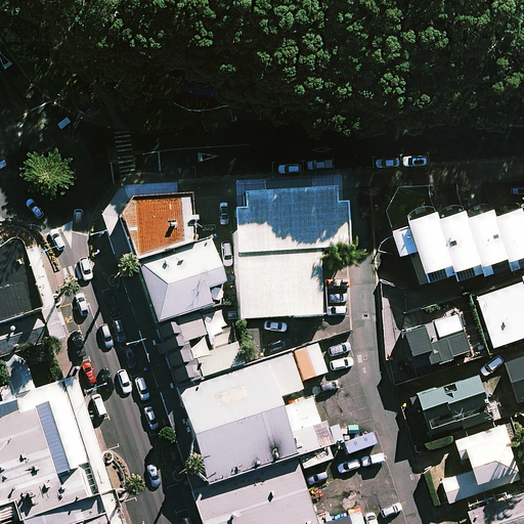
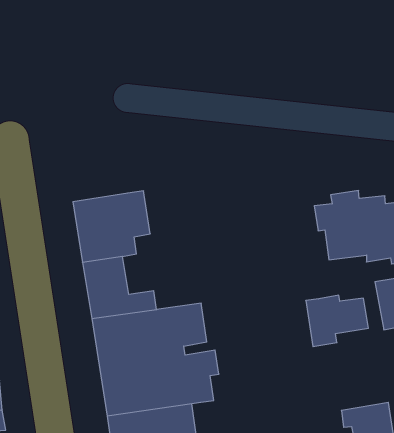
building: [235,191,351,321] -> none
building: [121,201,194,267] -> none
building: [418,368,494,435] -> none

